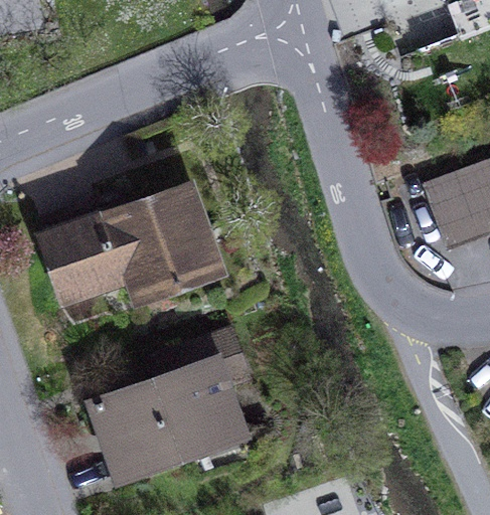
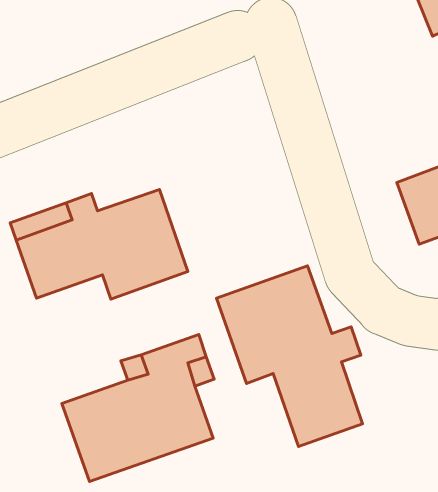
building: none -> [217,266,363,446]

